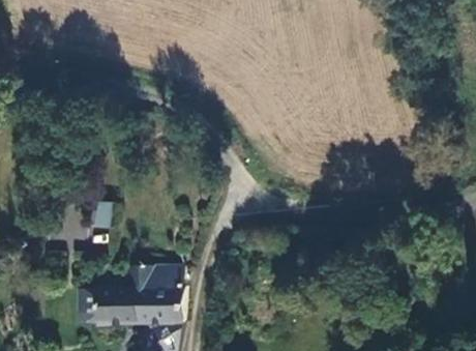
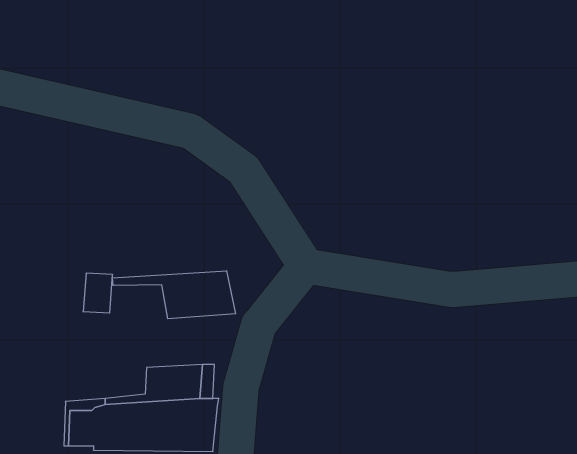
building: none -> [112,271,235,319]

